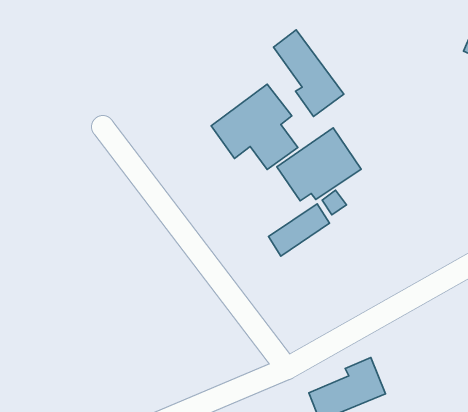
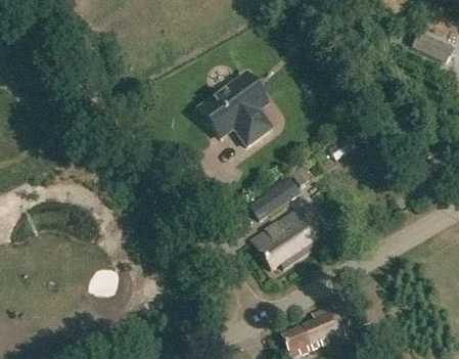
building: [273,30,344,117] -> none
building: [277,128,361,201] -> [250,208,321,269]

